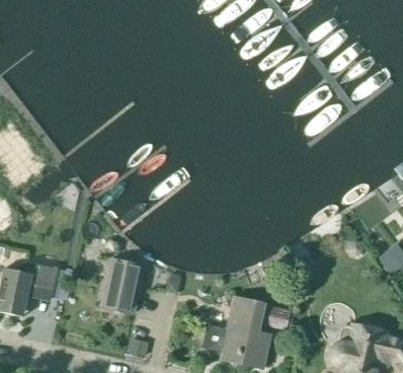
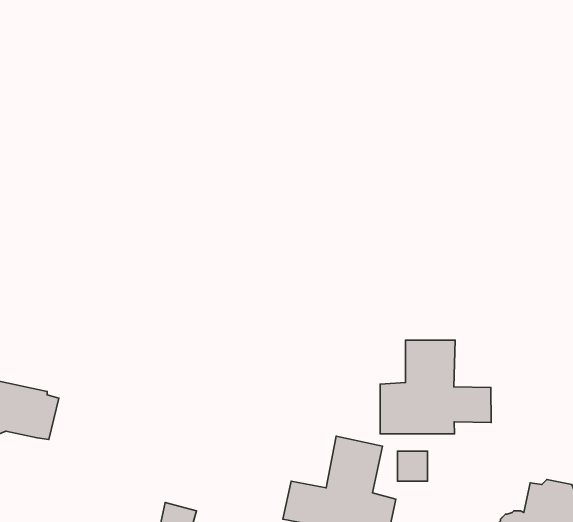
building: none -> [380,340,491,434]
building: [99,258,141,313] -> none

